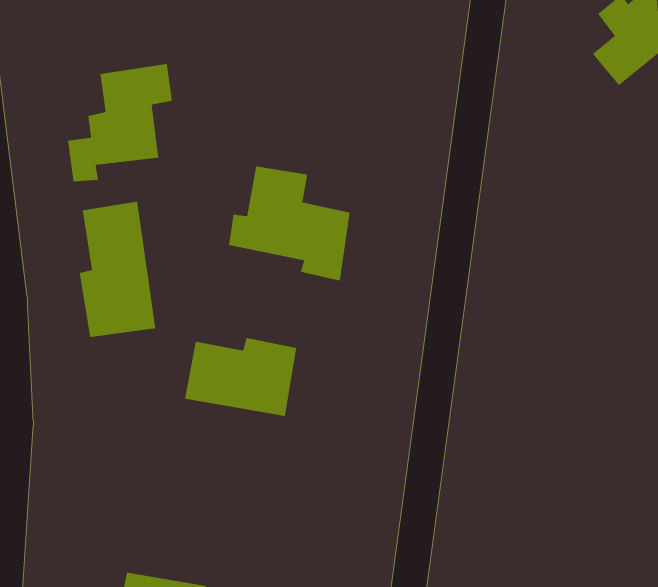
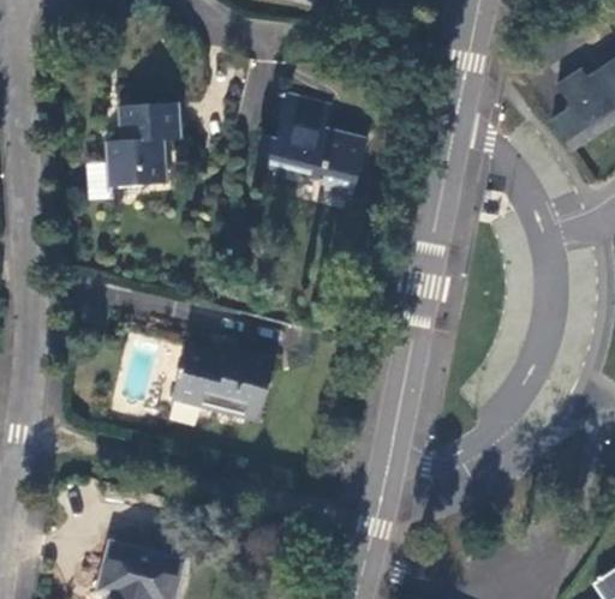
building: [228,166,351,282] -> [257,94,366,200]
building: [79,201,156,338] -> none

